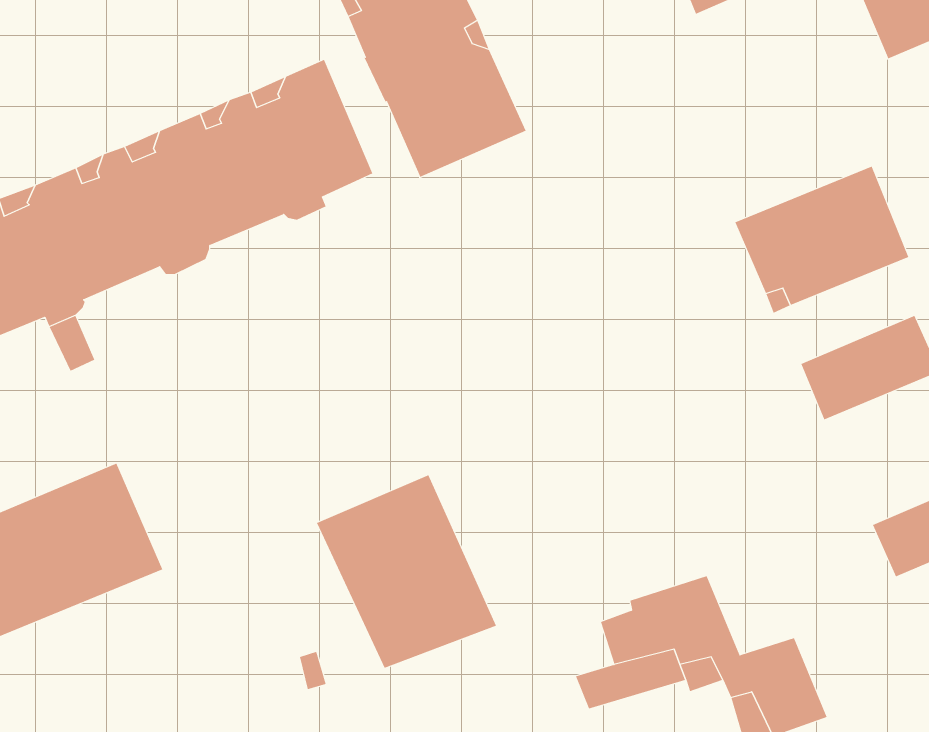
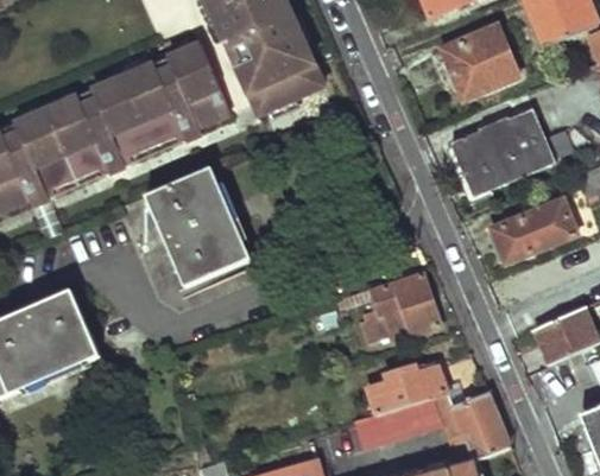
building: none -> [443,26,520,99]
building: none -> [360,272,440,342]
building: [316,474,497,668] -> [143,167,253,286]

